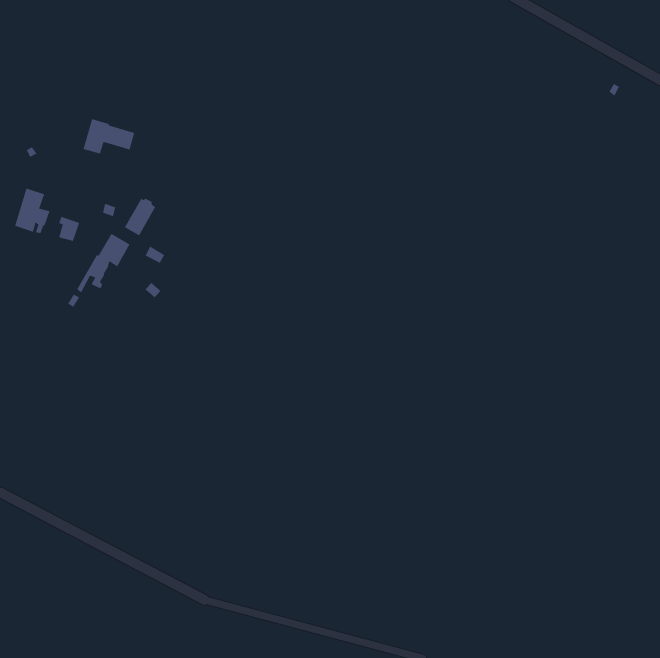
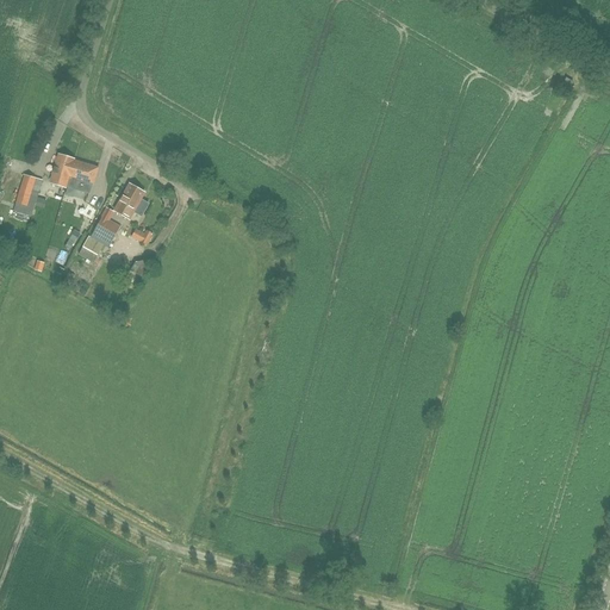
building: [82,118,135,155] -> [49,152,98,186]

